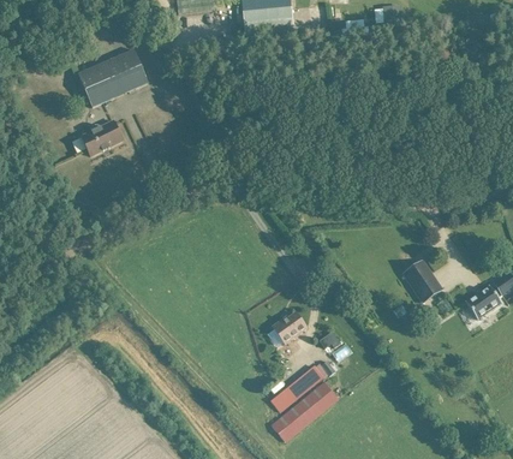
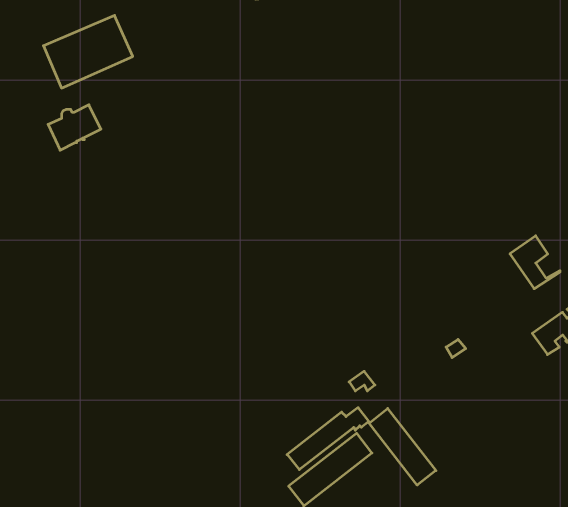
building: [404,260,443,302] -> [510,236,560,289]
building: [274,312,308,344] -> none
building: none -> [369,408,436,485]

